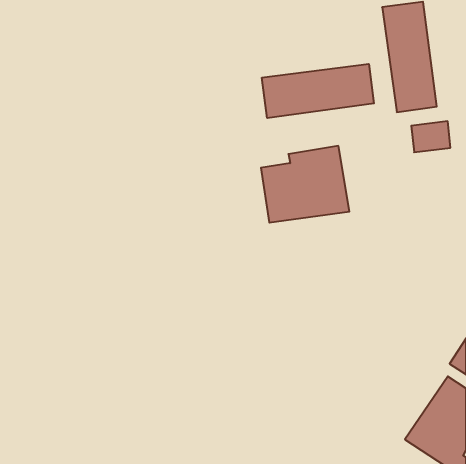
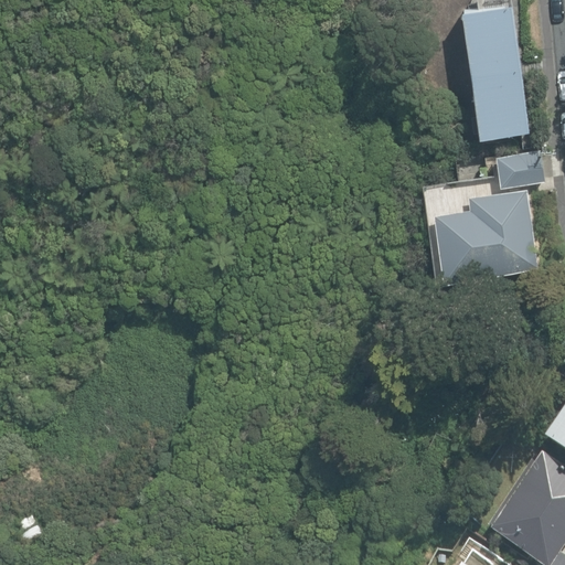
building: [262,64,374,118] -> none
building: [261,146,349,223] -> [433,189,540,281]

